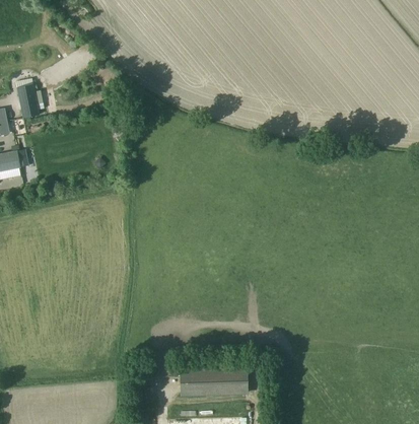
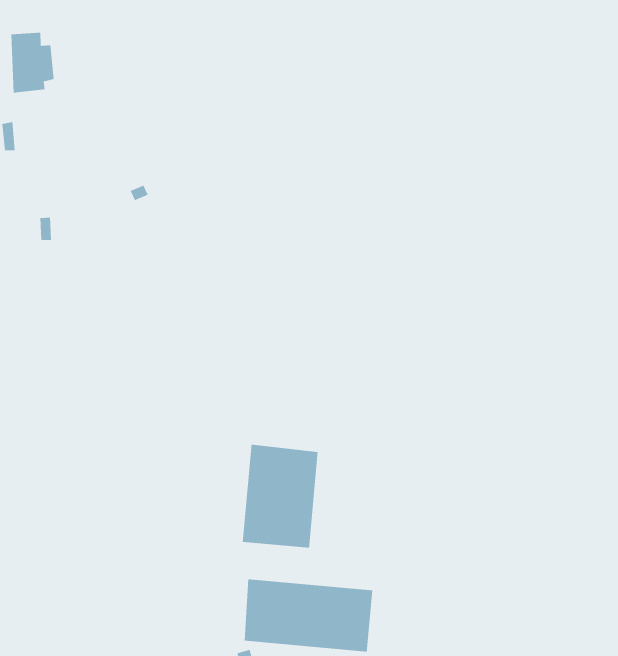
building: none -> [242,444,318,548]

